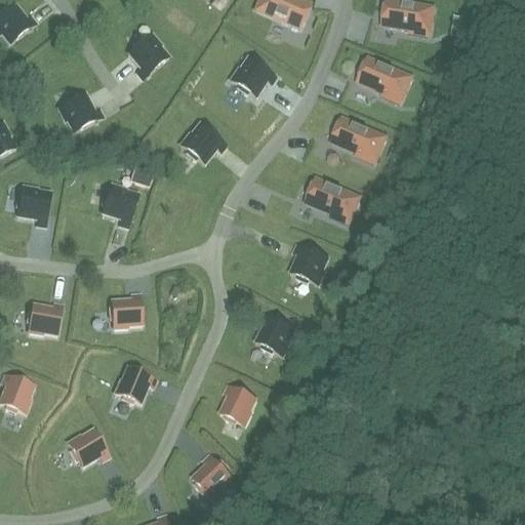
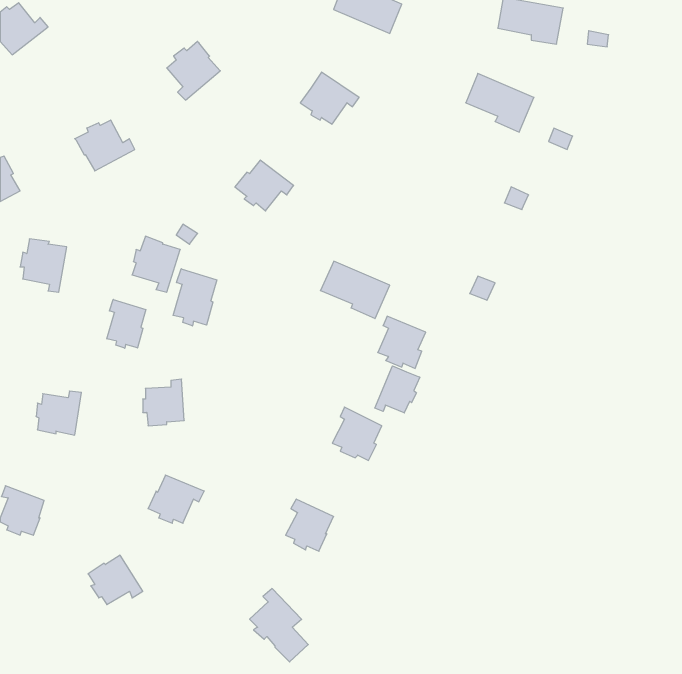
building: [332,117,385,161] -> none
building: [306,177,359,221] -> [320,261,390,319]
building: none -> [173,269,217,326]
building: none -> [107,299,146,348]
building: none -> [375,366,420,413]

